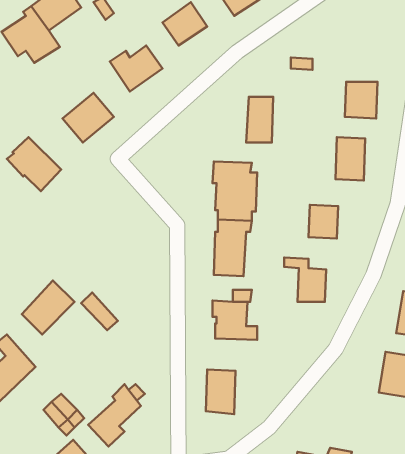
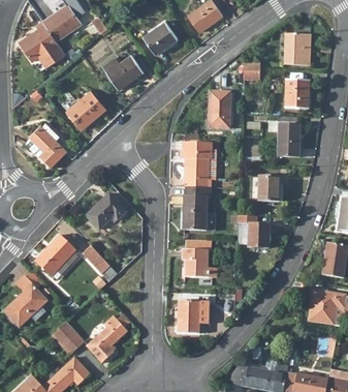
building: none -> [282,35,309,66]
building: none -> [88,193,128,230]

